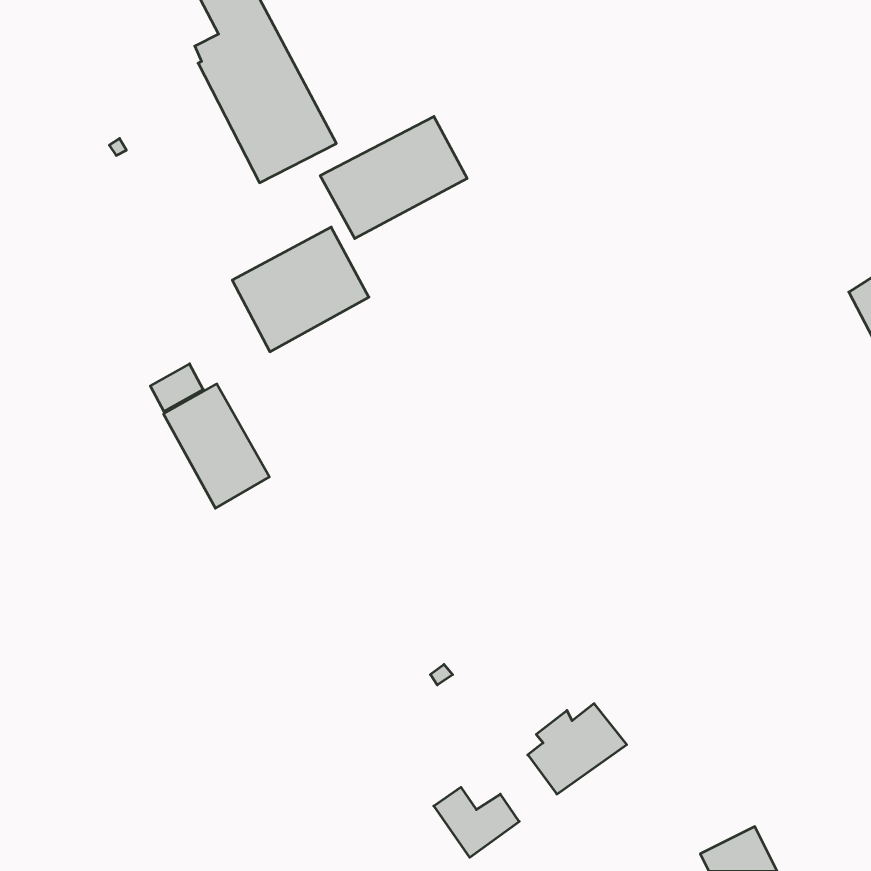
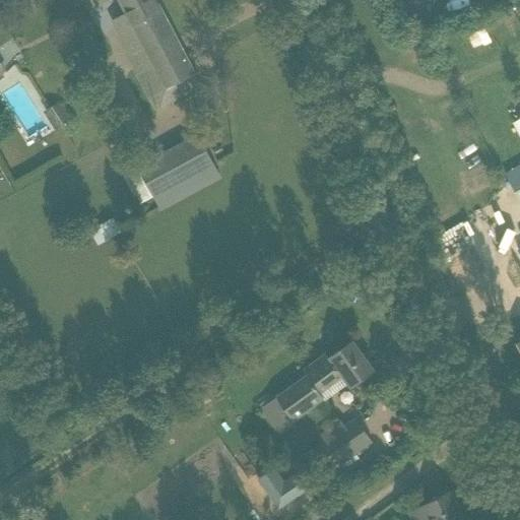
building: [320,116,467,239] -> none
building: [164,384,269,508] -> none
building: none -> [263,340,375,432]

